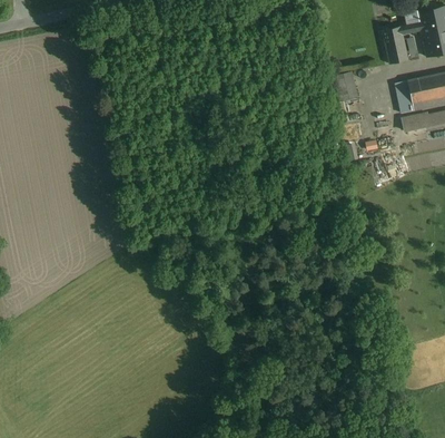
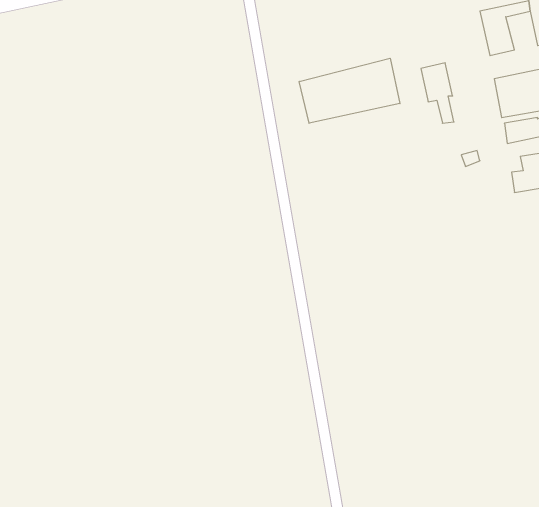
building: none -> [299,58,400,123]

